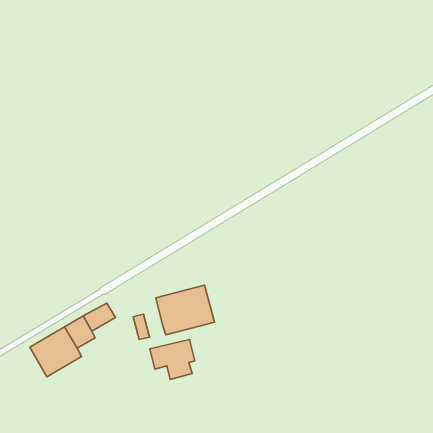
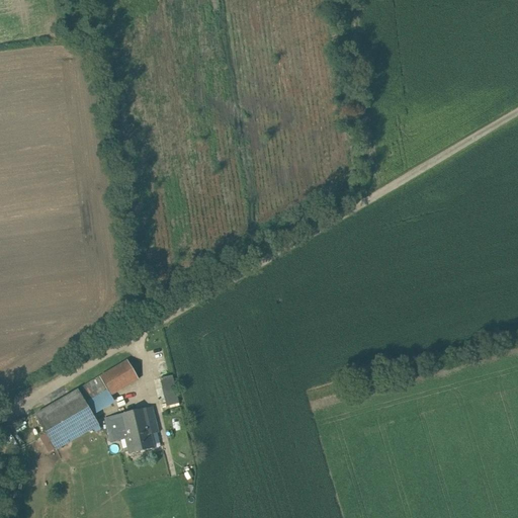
building: [156,285,215,335] -> none
building: [150,339,195,379] -> [104,406,158,453]

